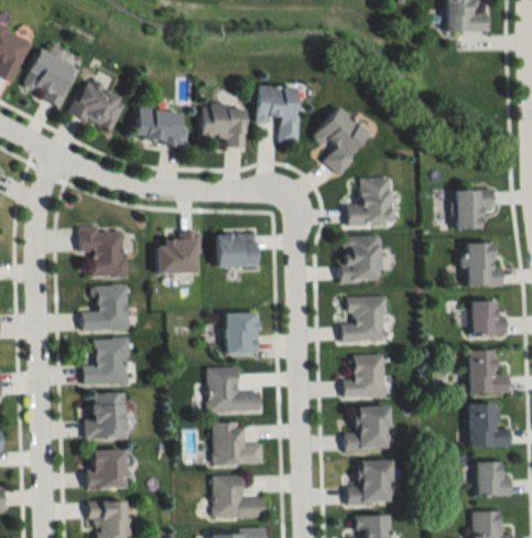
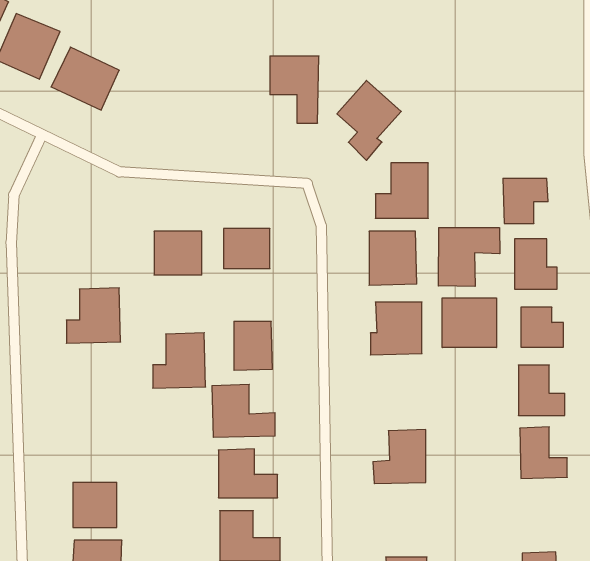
building: [203,105,246,144] -> none
building: [135,107,189,148] -> none
building: [79,226,127,278] -> none
building: none -> [438,228,500,286]
building: none -> [442,298,496,348]
building: [84,338,129,386] -> [153,333,206,388]
building: [345,355,386,397] -> none
building: [85,394,127,439] -> none
building: [348,460,392,505] -> none
building: [478,462,513,495] -> none

